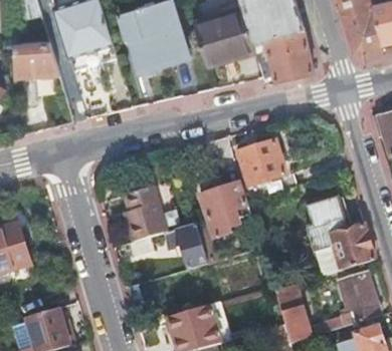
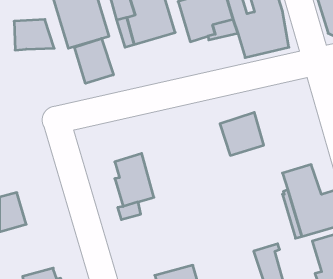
building: none -> [75,38,113,83]
building: [201,184,251,238] -> none
building: [164,225,208,270] -> none

